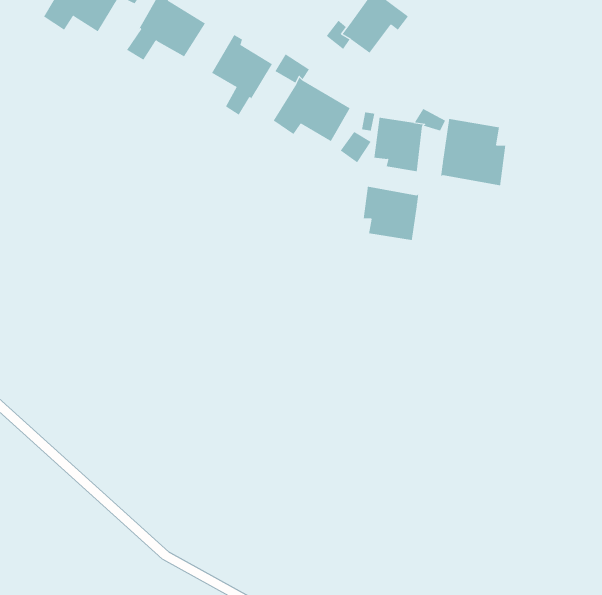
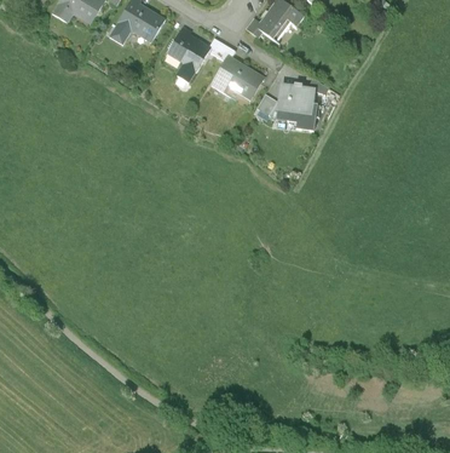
building: [440,118,506,186] -> none
building: [363,186,419,241] -> none

